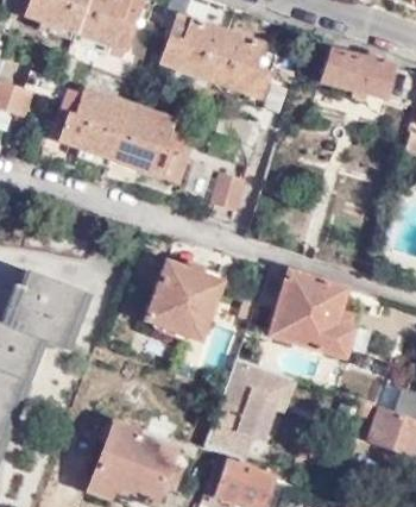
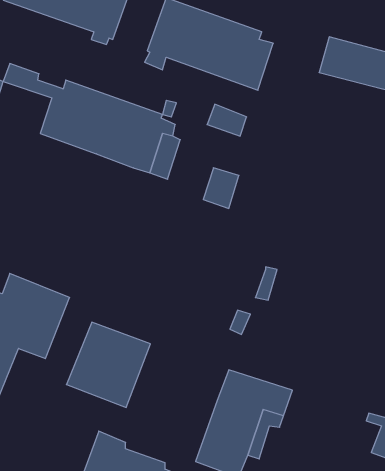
building: [144,262,222,342] -> [66,322,150,407]
building: [269,269,359,357] -> none

